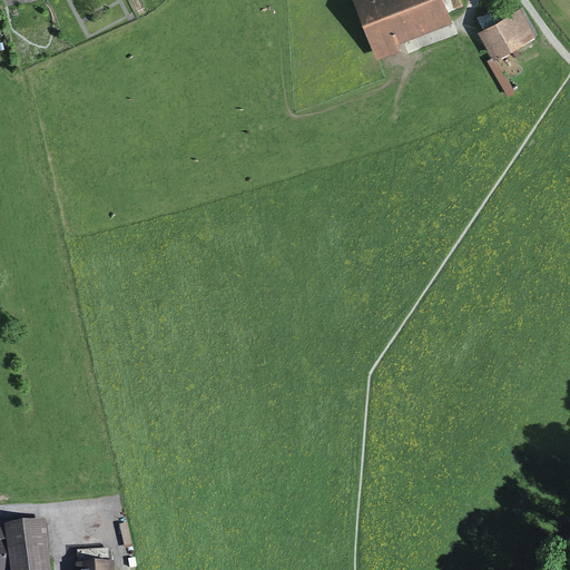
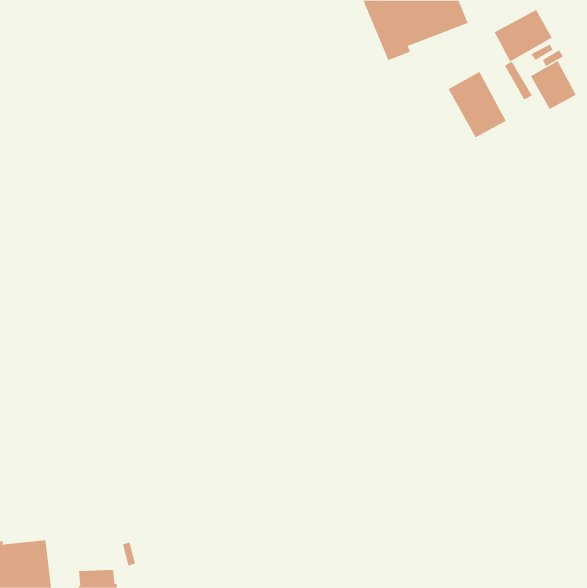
building: none -> [530,60,576,110]
building: none -> [448,71,507,138]

